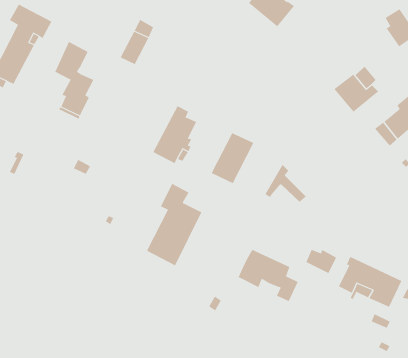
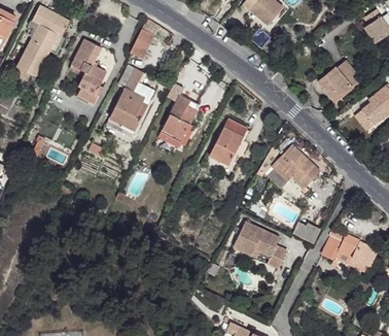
building: none -> [278,143,321,187]
building: [146,183,202,266] -> [106,64,155,137]

